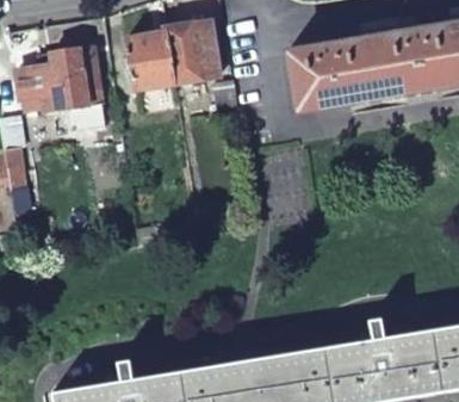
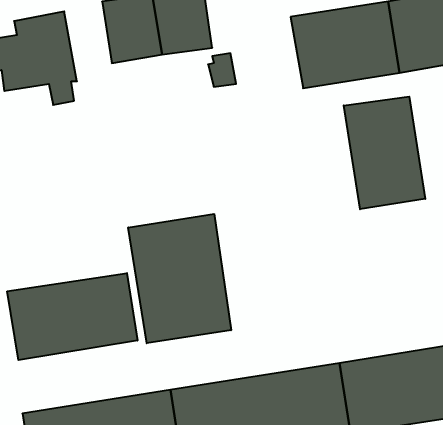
building: none -> [344,97,425,209]
building: none -> [128,214,231,343]
building: none -> [7,273,137,360]

